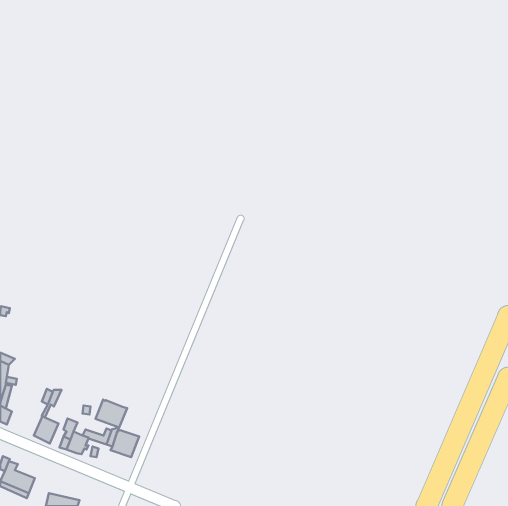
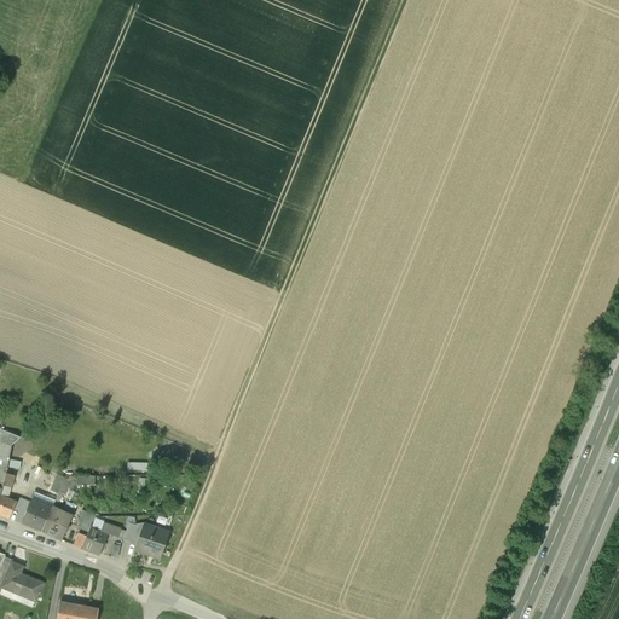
building: [95,400,127,427] -> none
building: none -> [22,499,51,530]

